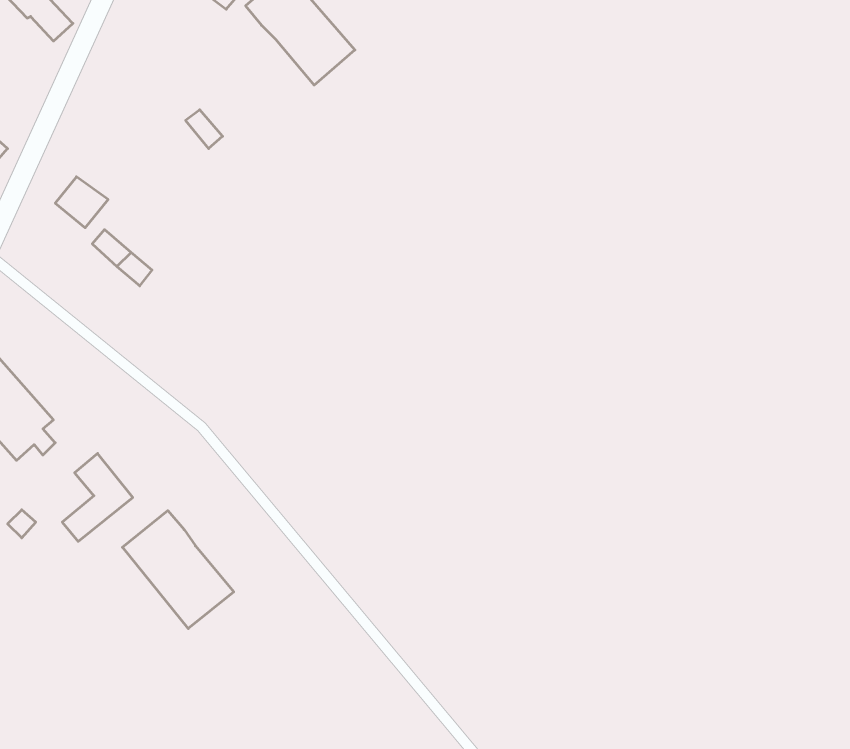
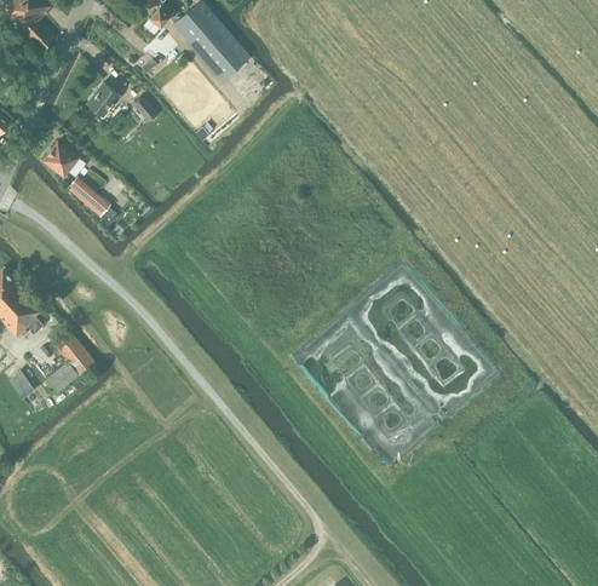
building: none -> [88,84,121,117]
building: [122,511,234,629] -> none

